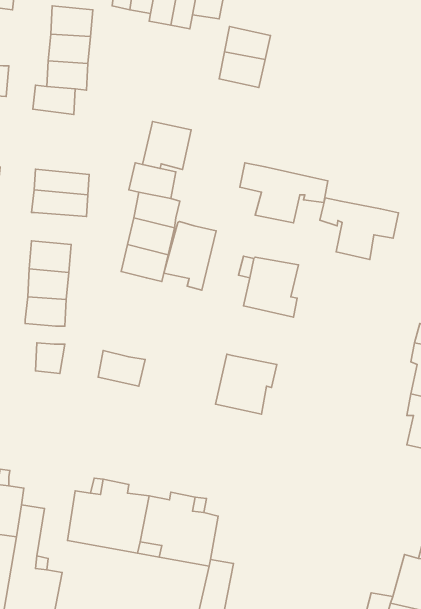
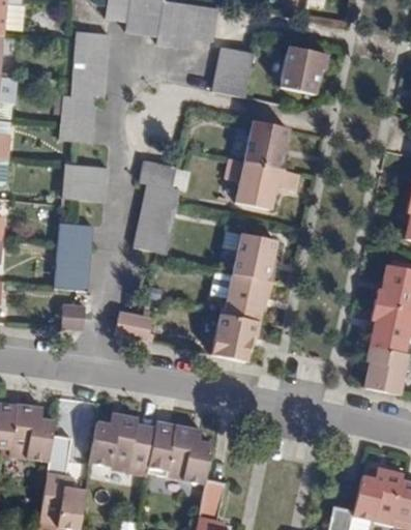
building: none -> [278,46,327,94]
building: none -> [58,115,93,143]
building: none -> [248,122,288,170]
building: [142,122,191,170] -> none
building: [320,198,398,259] -> none
building: [164,222,216,290] -> none
building: none -> [222,274,271,322]

